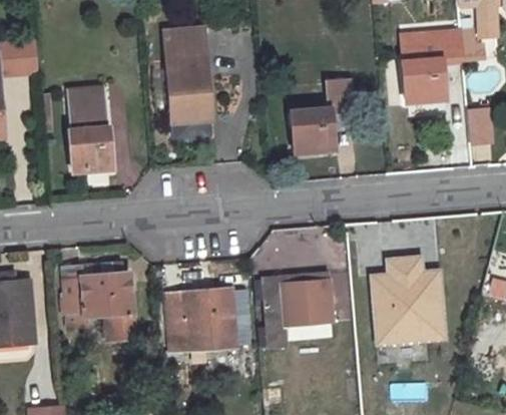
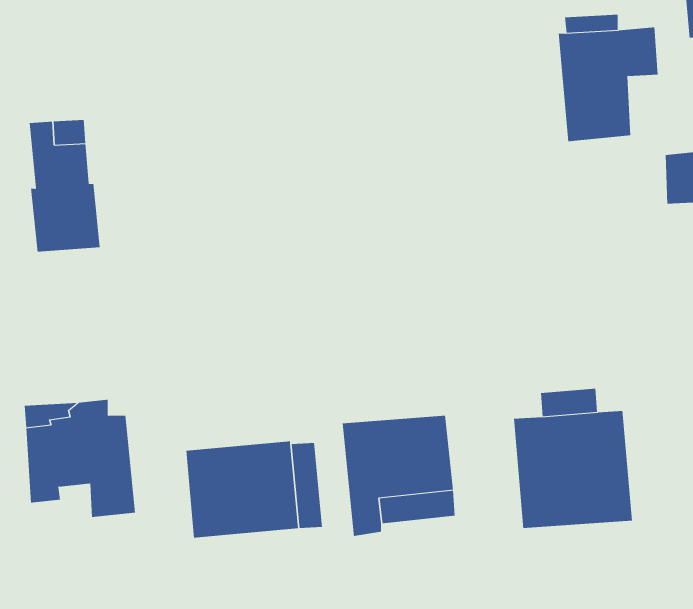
building: [164,26,213,141] -> none
building: [293,81,352,151] -> none

